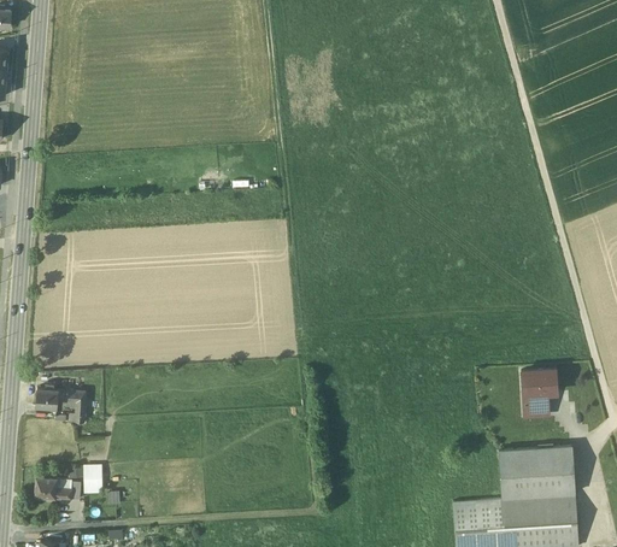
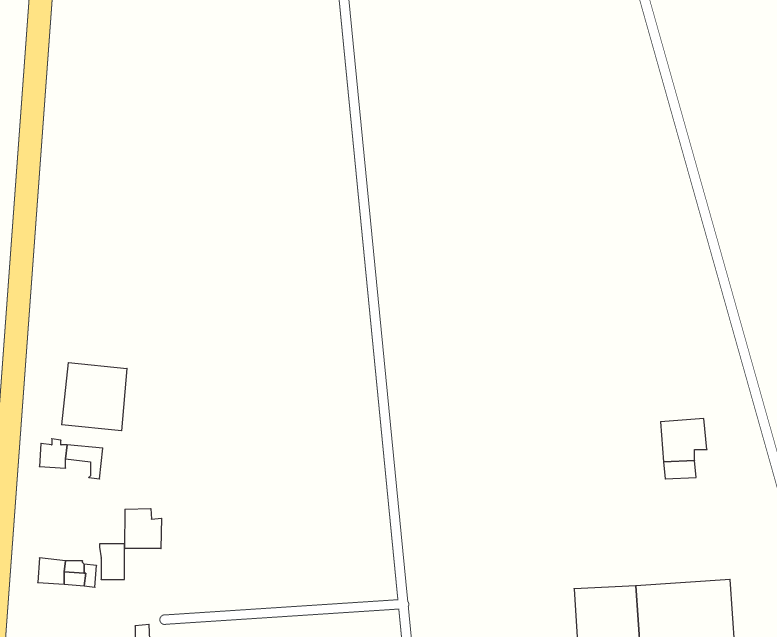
building: none -> [62,363,127,431]
building: none -> [125,509,162,549]
building: [499,446,575,499] -> none

